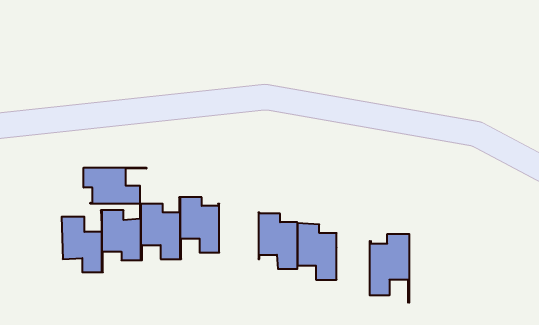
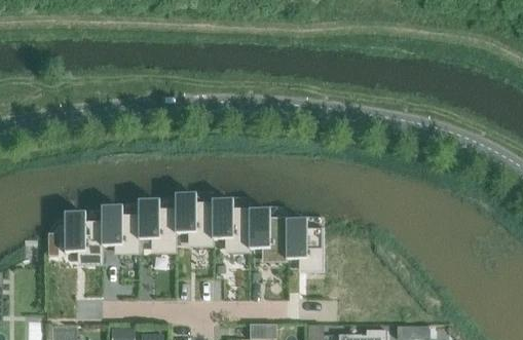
building: [84,168,146,204] -> none
building: none -> [213,198,250,252]
building: [370,234,409,303] -> none

